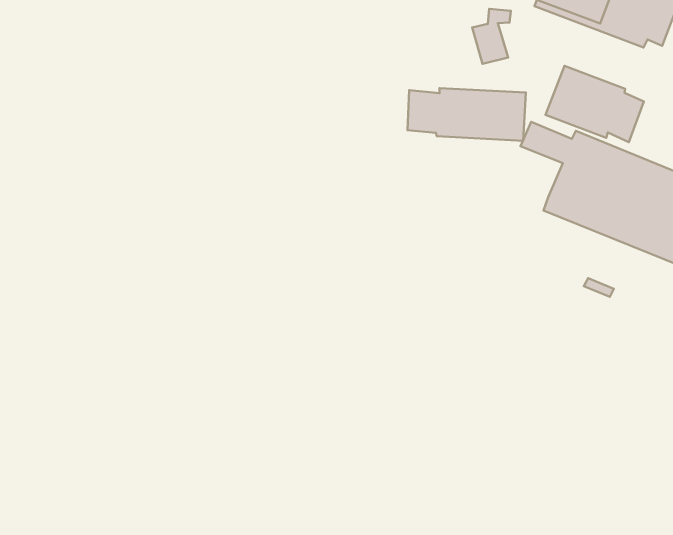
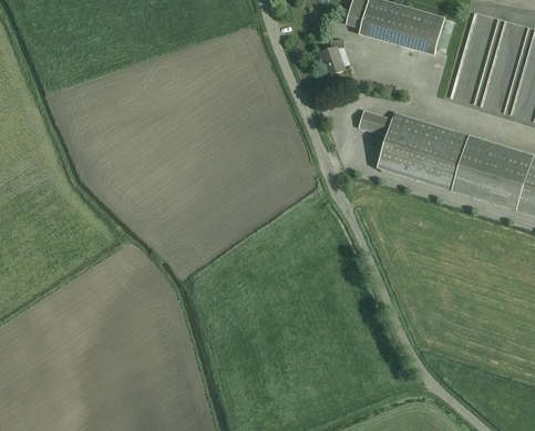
building: [546,66,644,142] -> none
building: [408,88,526,141] -> none

